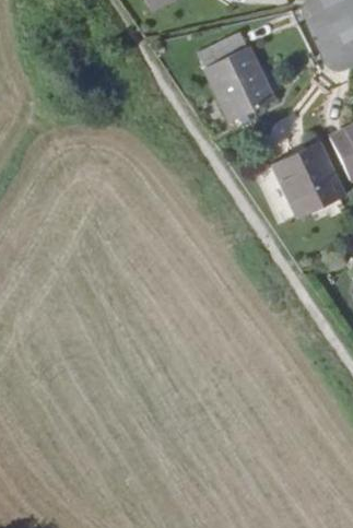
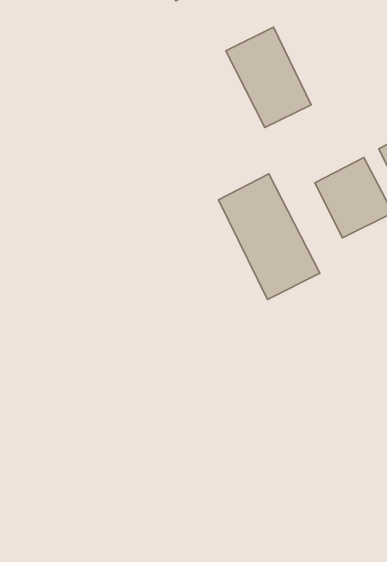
building: none -> [218,174,320,299]

